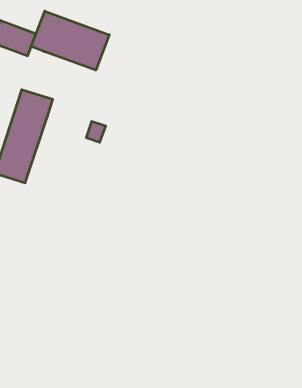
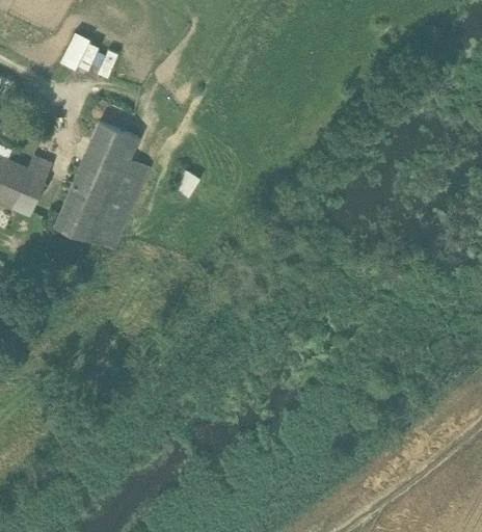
building: [31,11,109,70] -> none
building: none -> [93,159,146,249]

